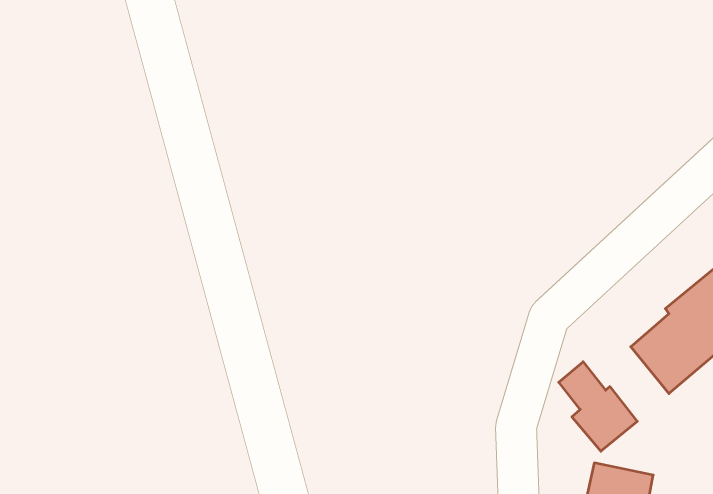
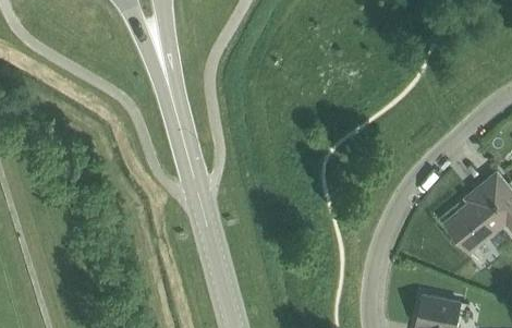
building: [559,362,637,451] -> none

